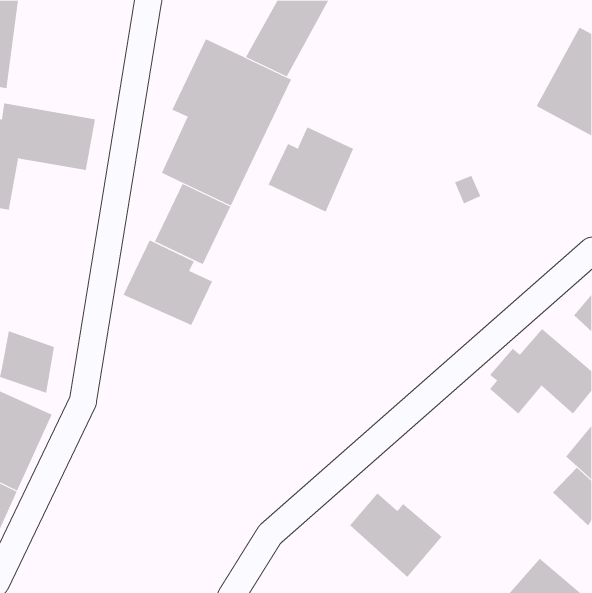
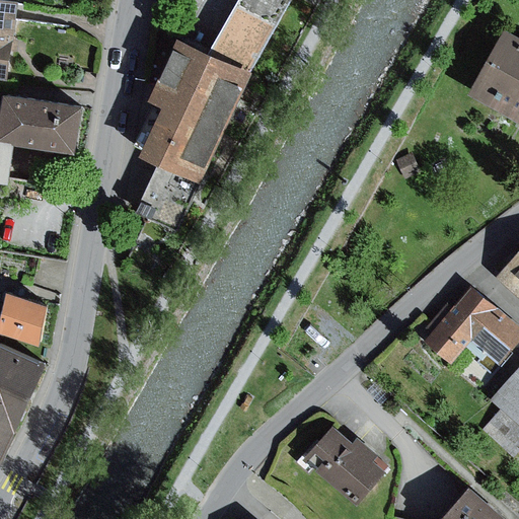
building: [268,127,354,212] -> none
building: [123,239,213,326] -> none

